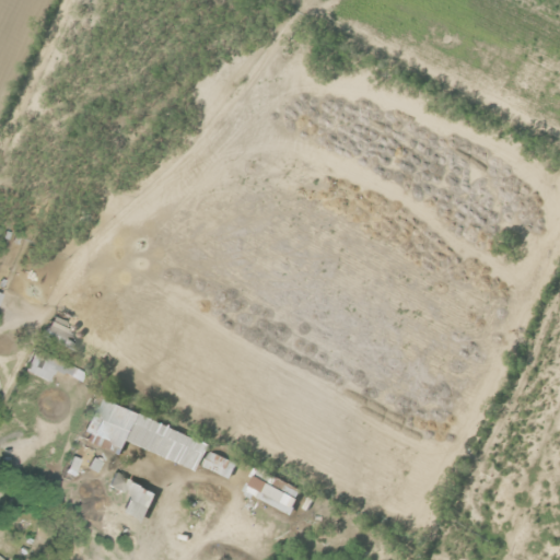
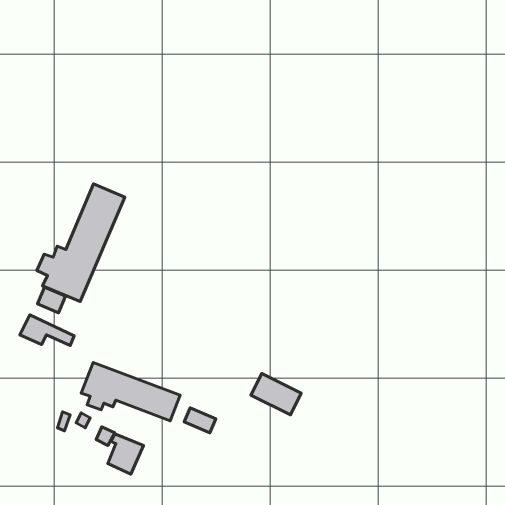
building: none -> [37,184,125,301]
building: [247,469,303,515] -> [251,373,301,415]

